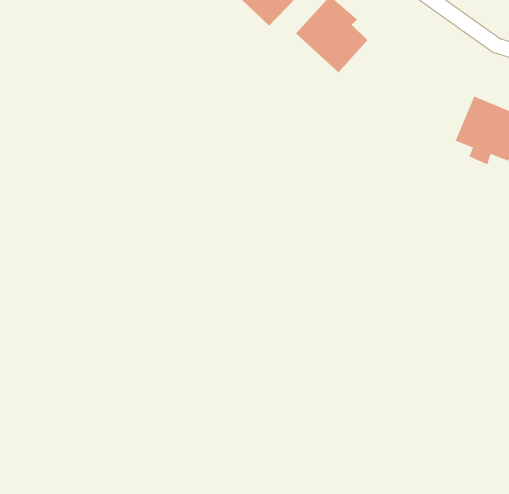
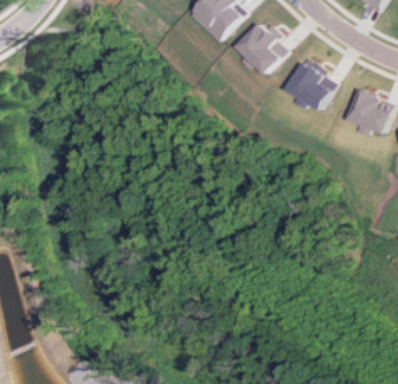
building: none -> [285,59,333,111]

